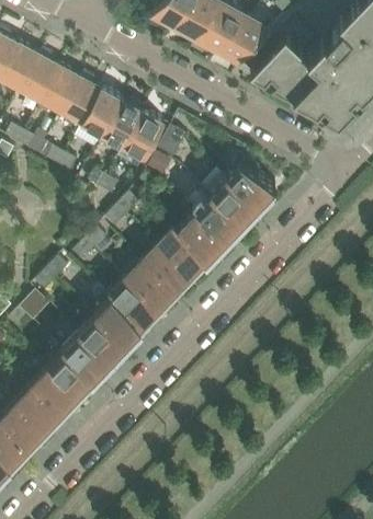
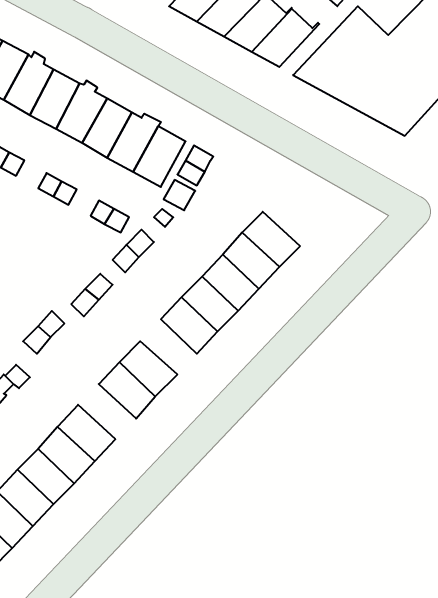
building: [225,159,275,207] -> none
building: [127,265,172,309] -> none
building: [78,316,124,360] -> none

